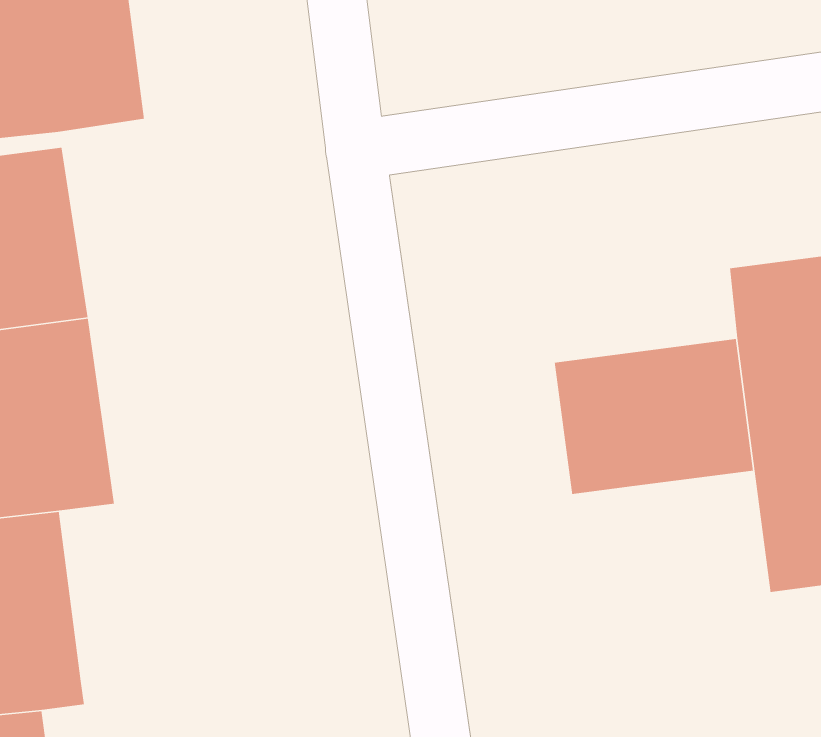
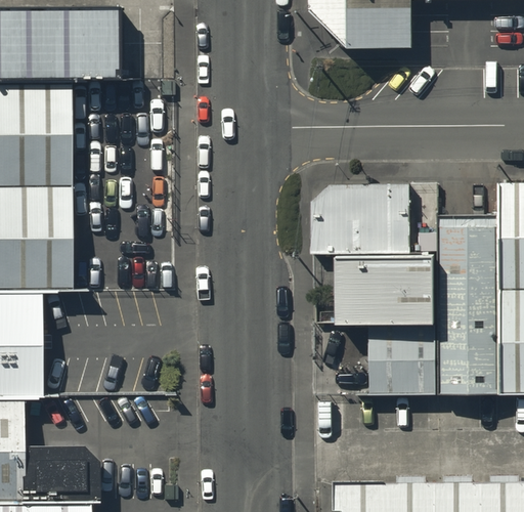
building: none -> [308,182,407,253]
building: none -> [366,327,434,394]

